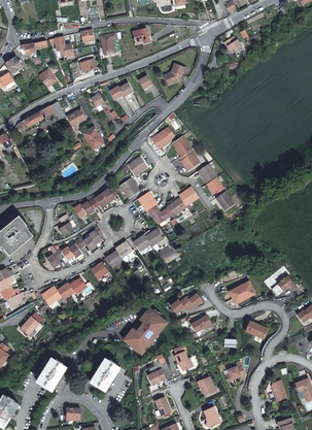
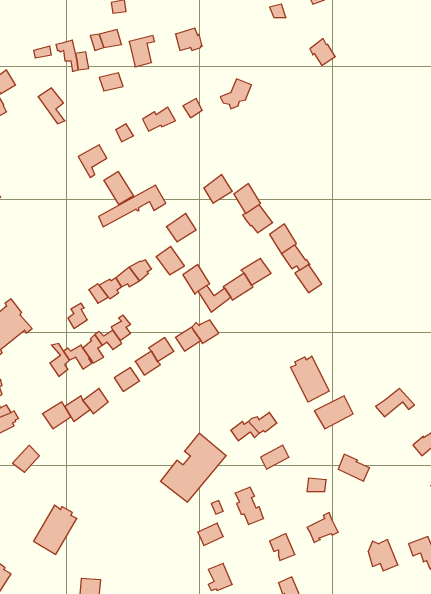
building: [19,101,65,130] -> [99,185,166,227]
building: none -> [291,356,329,402]
building: [90,358,120,392] -> none

